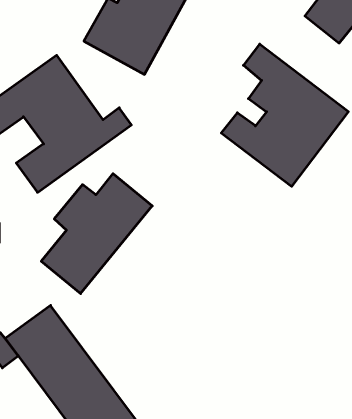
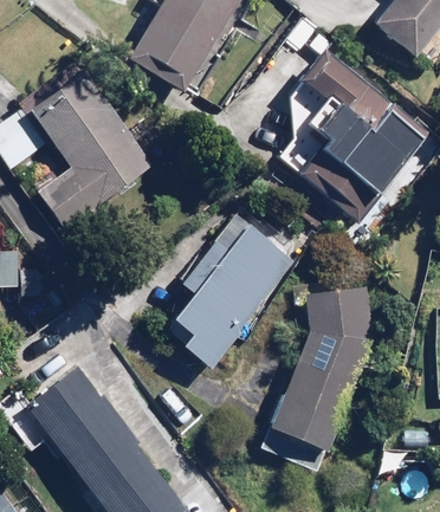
building: [41,174,152,294] -> [167,225,297,365]
building: none -> [274,285,374,473]

